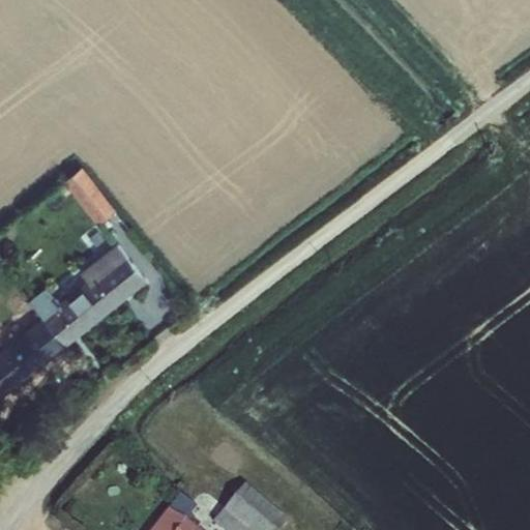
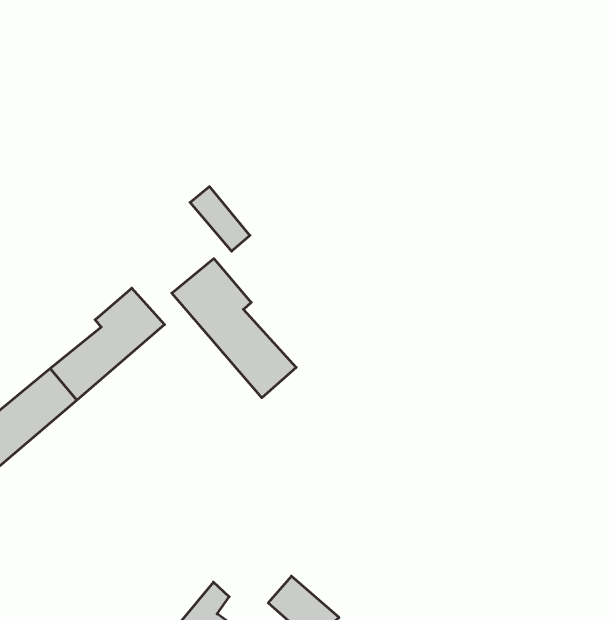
building: [68,175,119,230] -> [190,187,250,251]
building: none -> [172,259,296,398]

